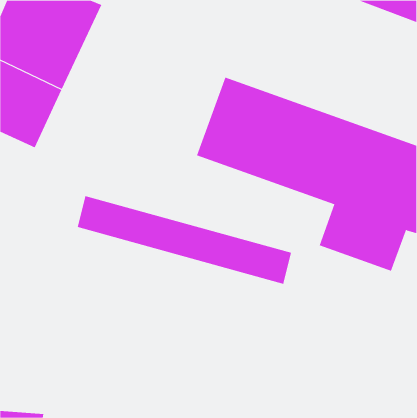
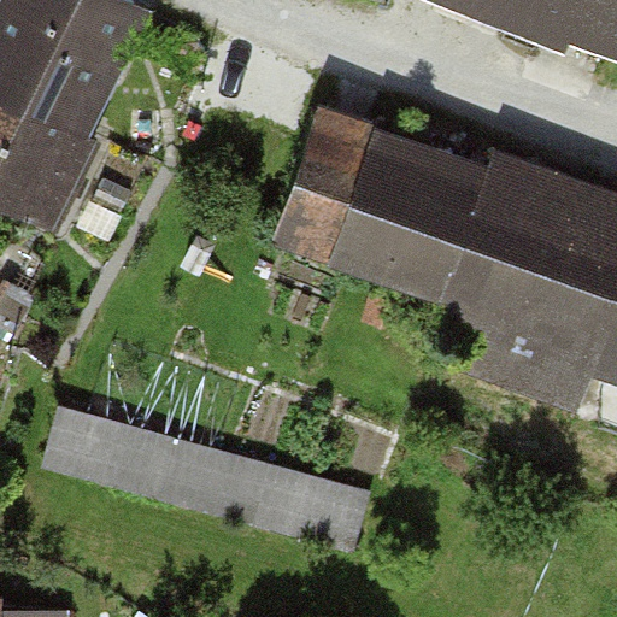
building: [77,195,292,285] -> [47,409,364,540]

